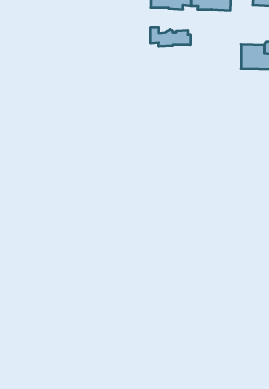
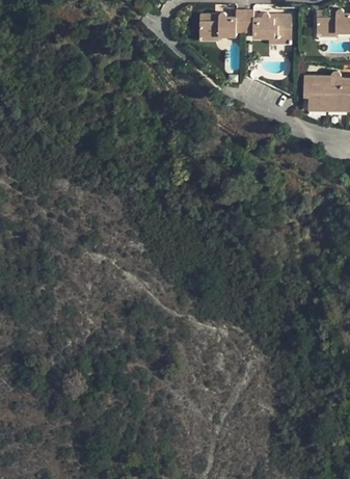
building: [151,27,190,46] -> none

